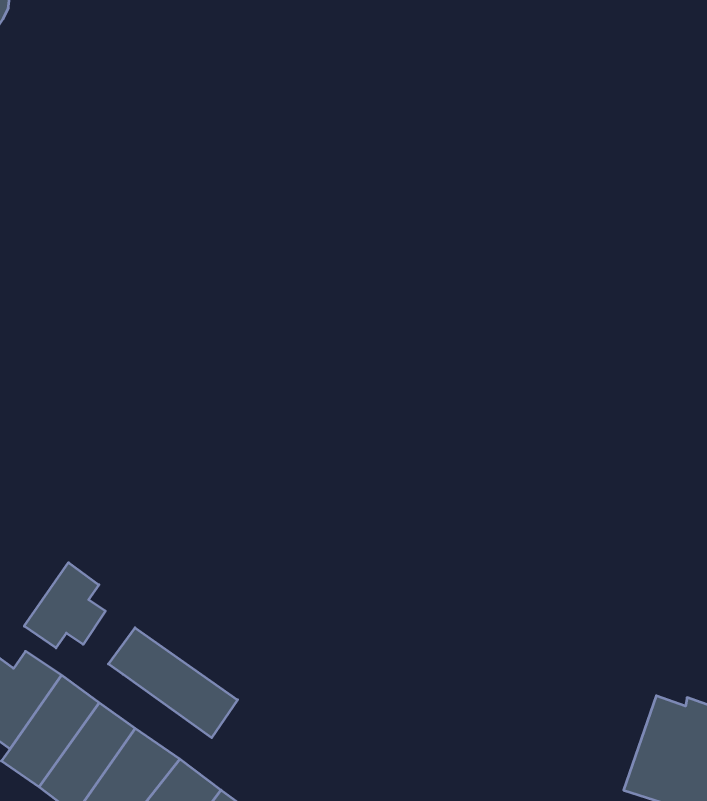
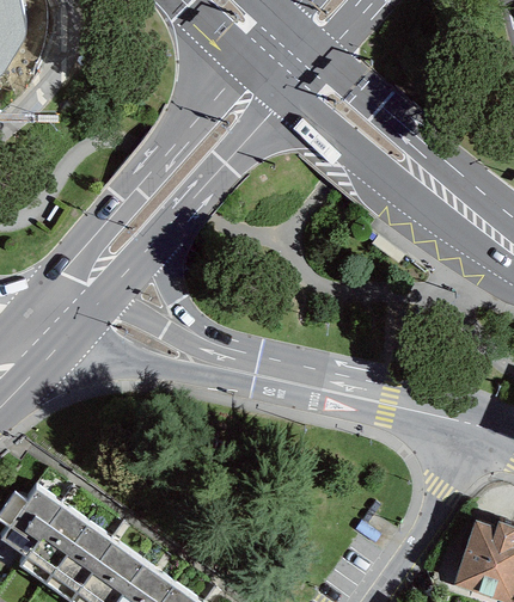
building: [24,563,105,648] -> none
building: [108,628,238,738] -> none

